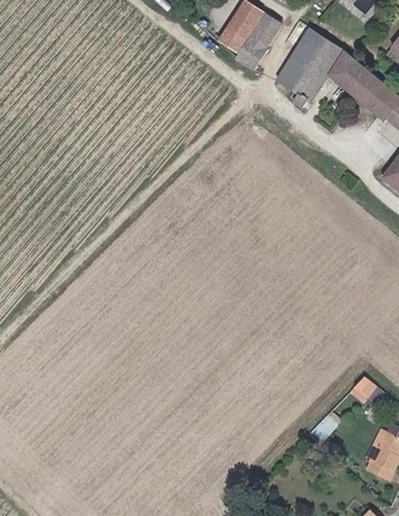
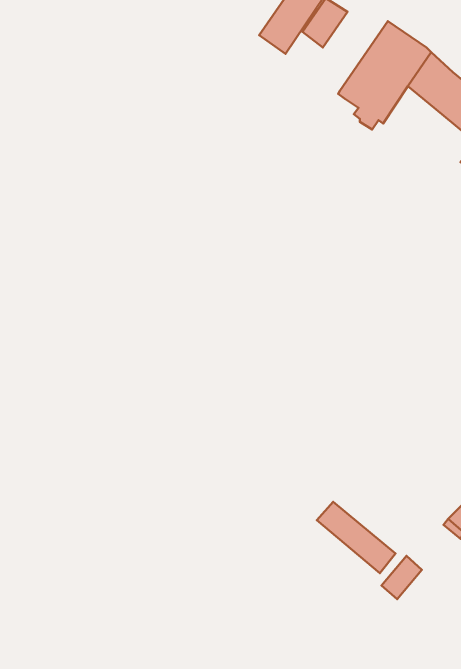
building: [237,36,268,69] -> none
building: none -> [317,502,395,573]

